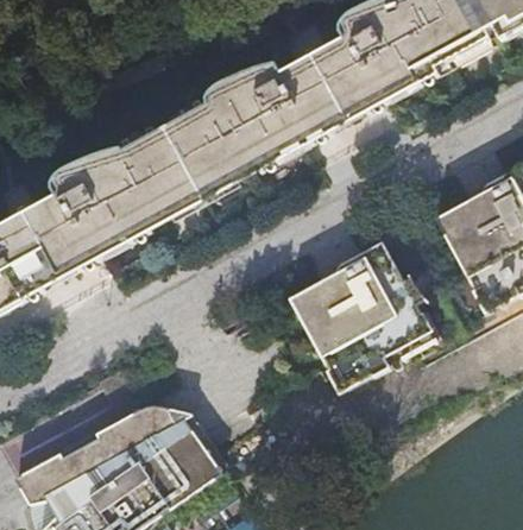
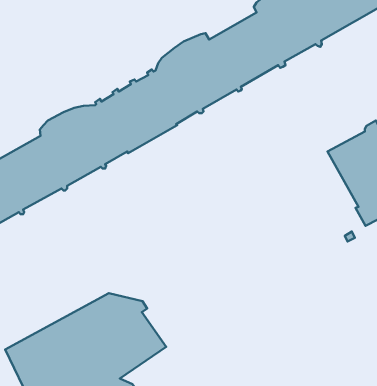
building: [284,238,437,391] -> none

